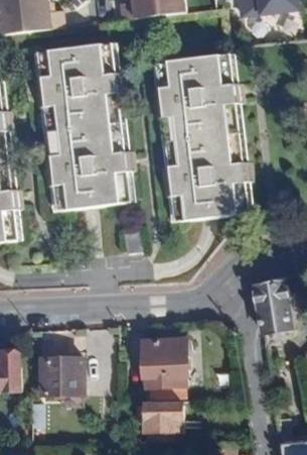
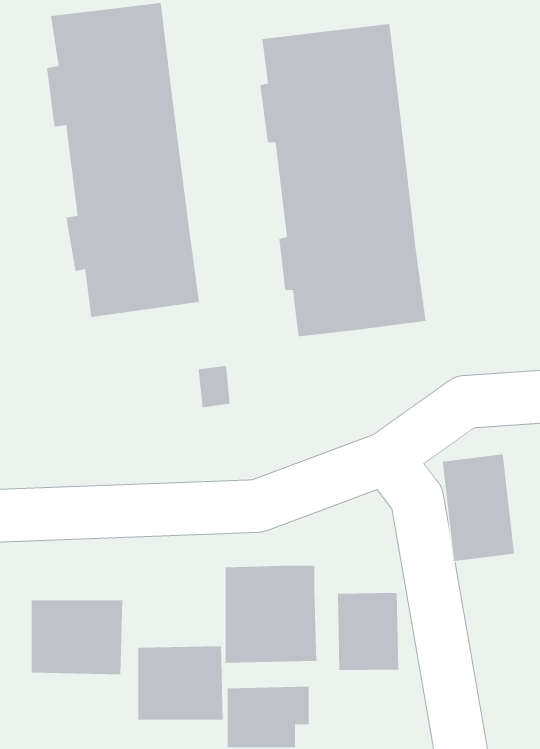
building: none -> [337,592,399,671]
building: none -> [138,645,223,721]

